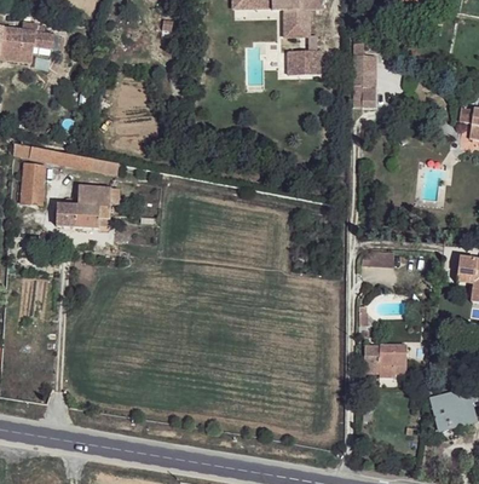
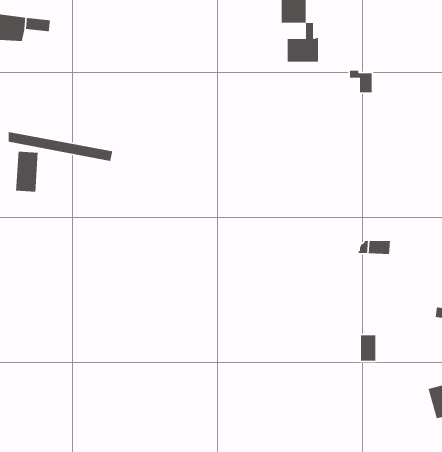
building: [56,186,117,227] -> none
building: [379,345,405,373] -> none

